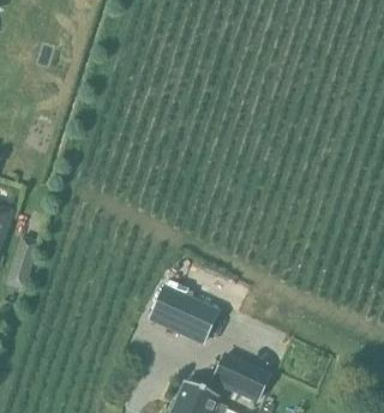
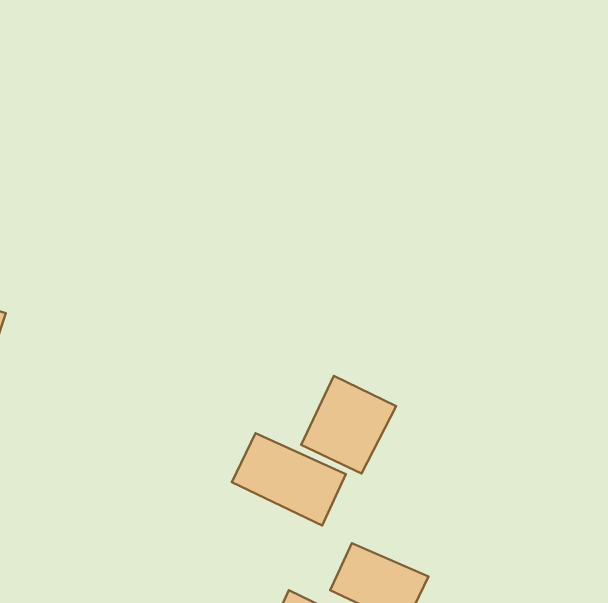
building: none -> [301,376,396,474]

